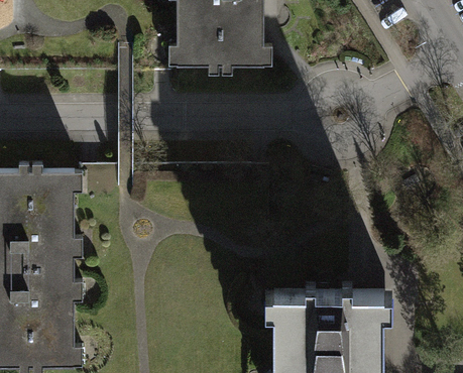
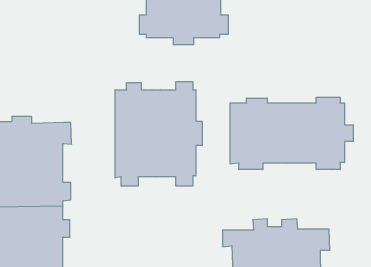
building: none -> [115,82,202,186]
building: none -> [230,97,353,170]

